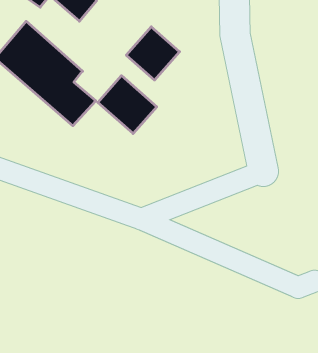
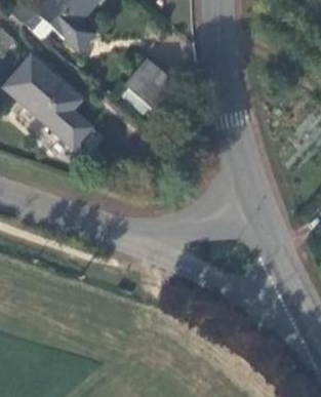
building: [98,76,157,134] -> none

